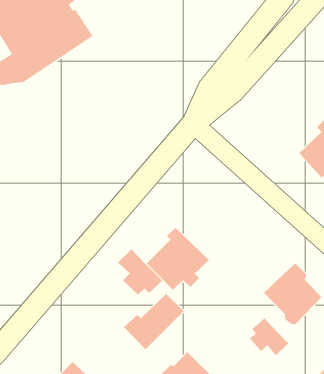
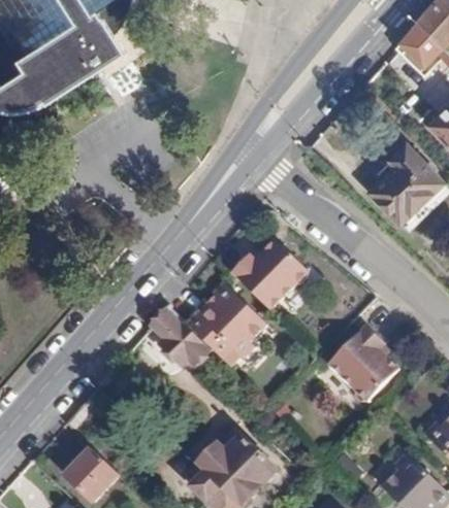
building: none -> [228,237,307,309]
building: [123,293,185,350] -> none
building: [249,317,289,356] -> none

